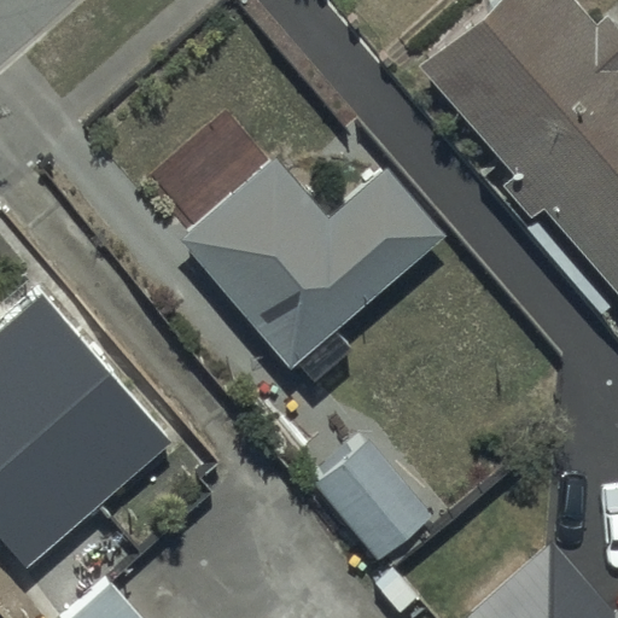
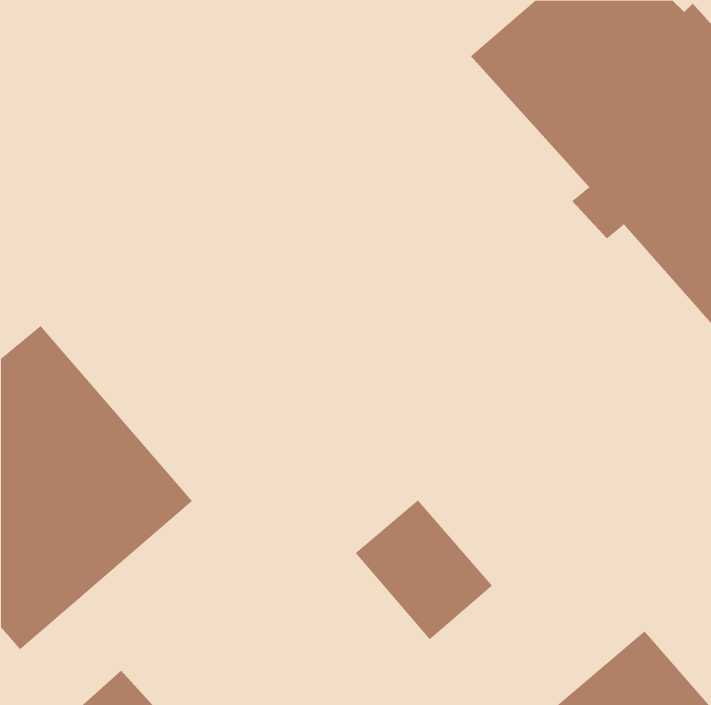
building: [179,154,444,367] -> none

